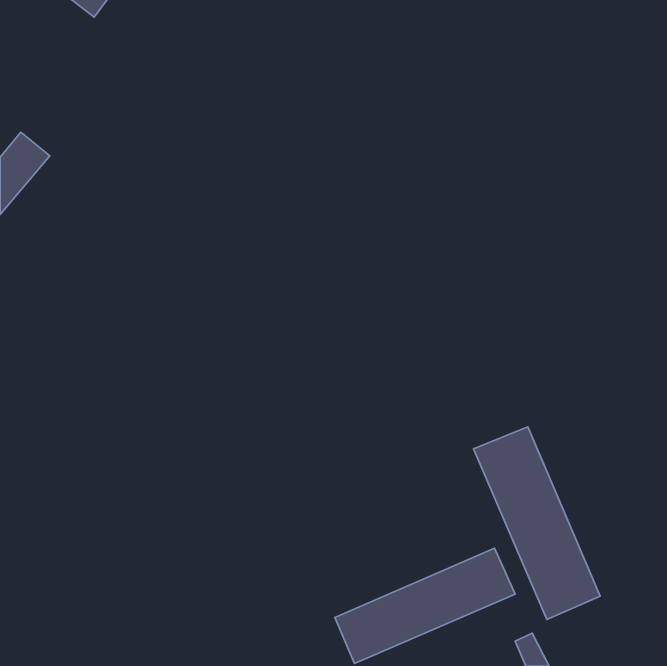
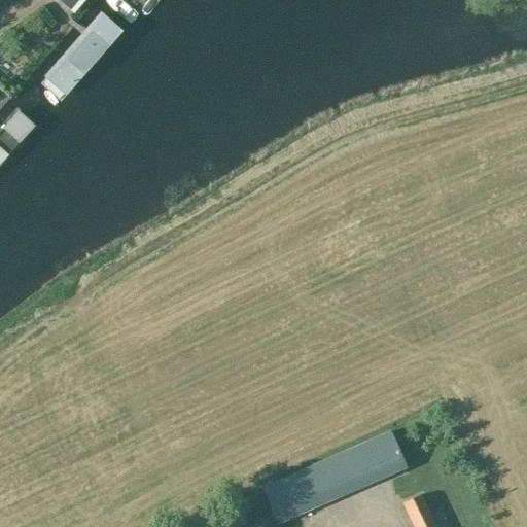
building: none -> [40,11,121,99]
building: [473,427,600,620] -> none

